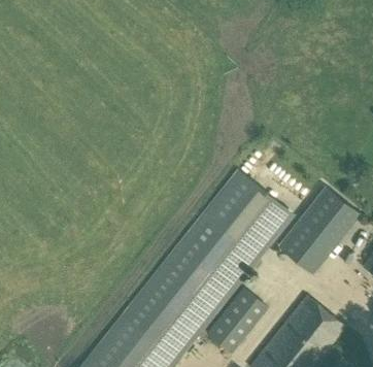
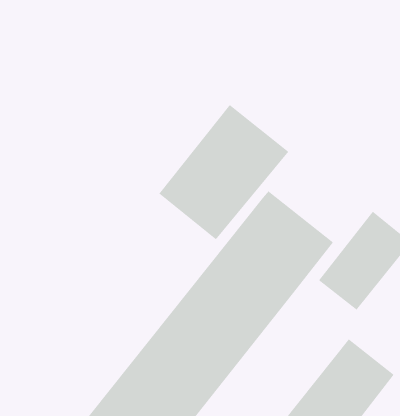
building: none -> [159,104,289,240]
building: [205,287,267,353] -> none

